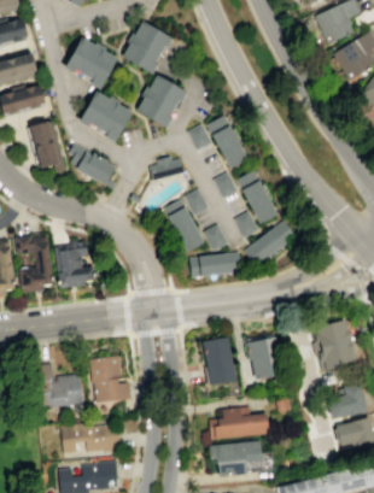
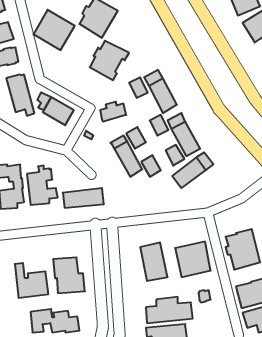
building: [78,92,132,142] -> none
building: [188,252,241,277] -> [63,188,104,208]

